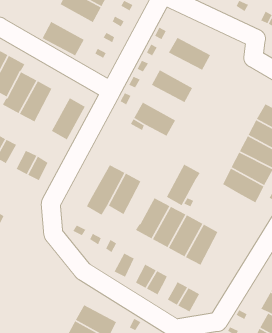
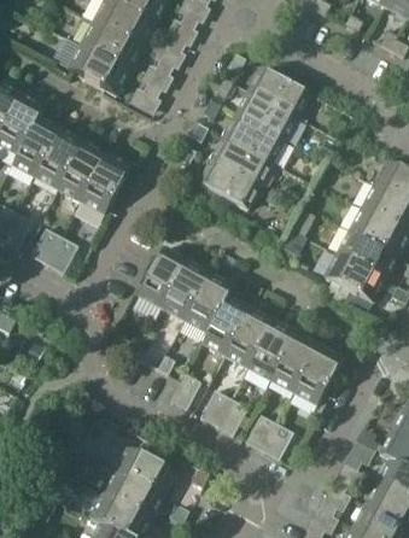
building: none -> [80,23,140,72]
building: none -> [234,92,296,141]
building: none -> [210,138,270,187]
building: none -> [57,142,106,203]
building: [166,163,201,206] -> [183,274,233,334]
building: none -> [293,346,341,407]

